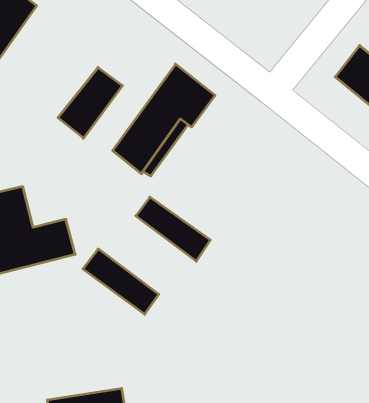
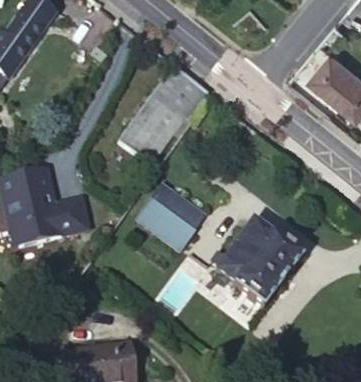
building: [58,67,122,138] -> none
building: none -> [215,220,303,309]
building: [83,249,159,314] -> [127,195,192,251]

